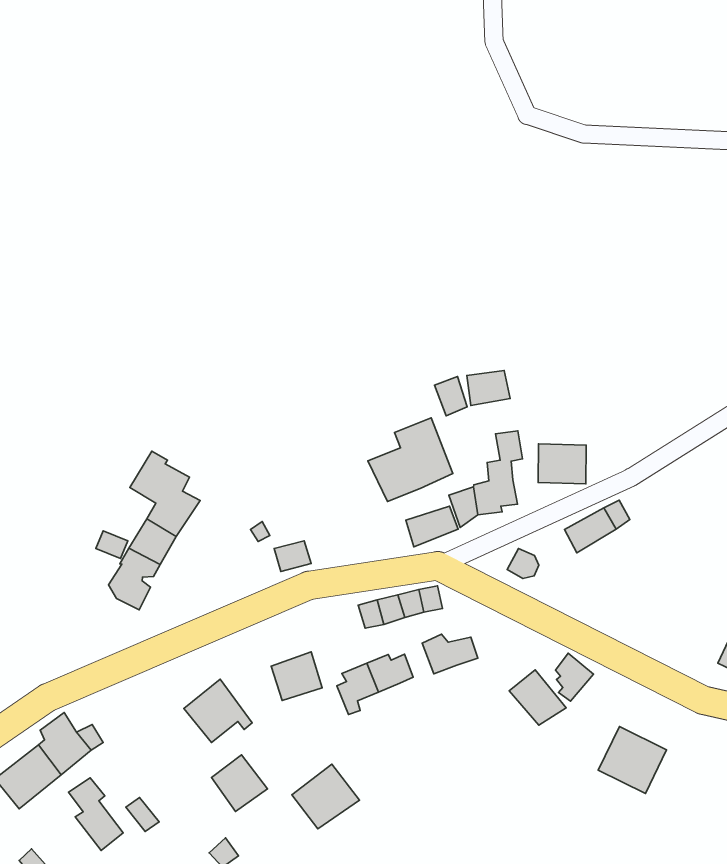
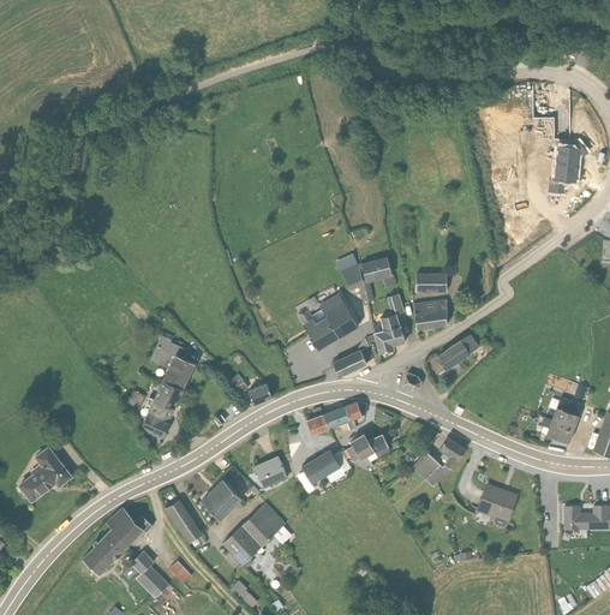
building: none -> [415,273,445,292]
building: none -> [166,500,202,543]
building: [292,764,359,829] -> [240,503,285,547]

